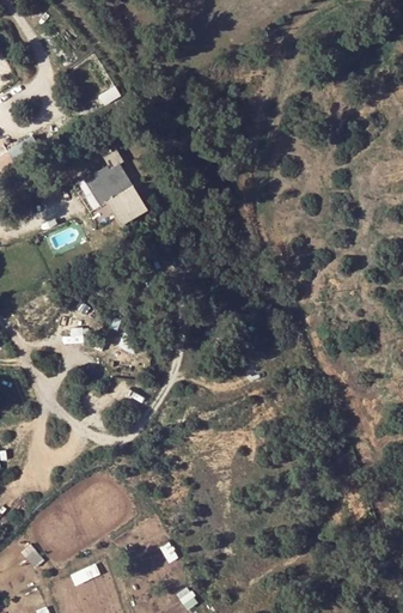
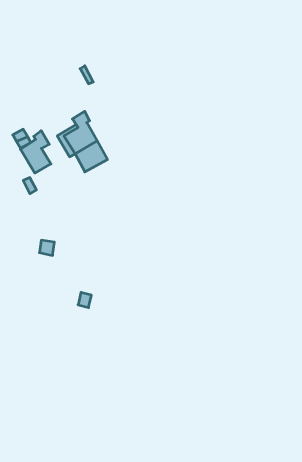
building: none -> [20,131,51,173]

